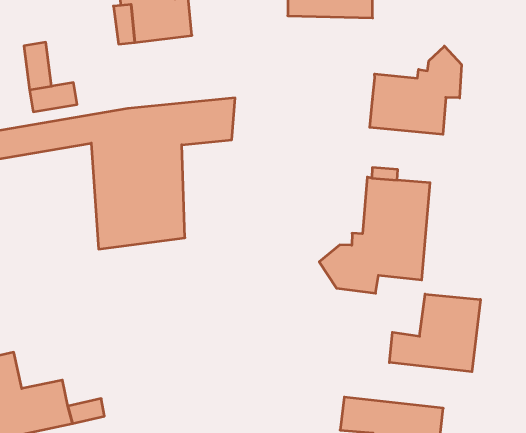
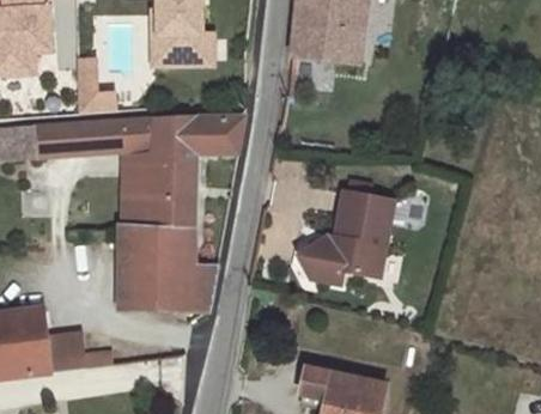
building: [370,46,461,134] -> none
building: none -> [118,225,219,310]
building: [389,294,480,372] -> none

